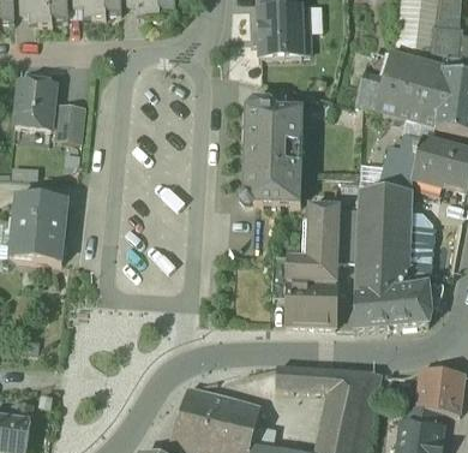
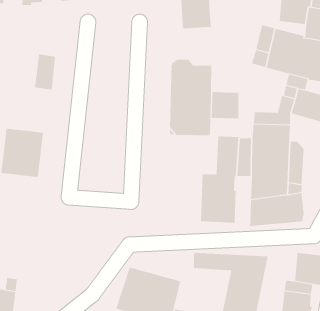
building: [14,77,56,129] -> none
building: none -> [211,91,239,119]

